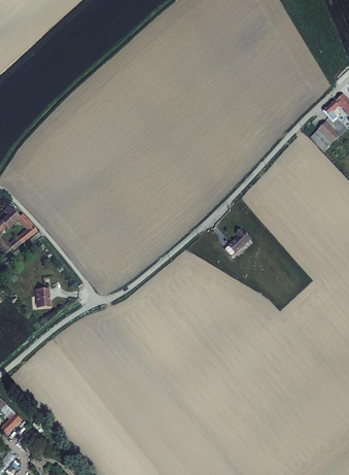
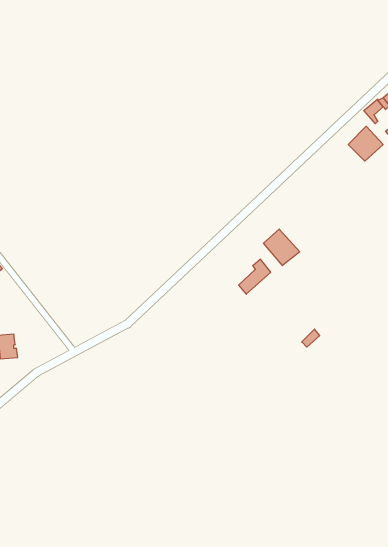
building: none -> [264,229,300,266]

